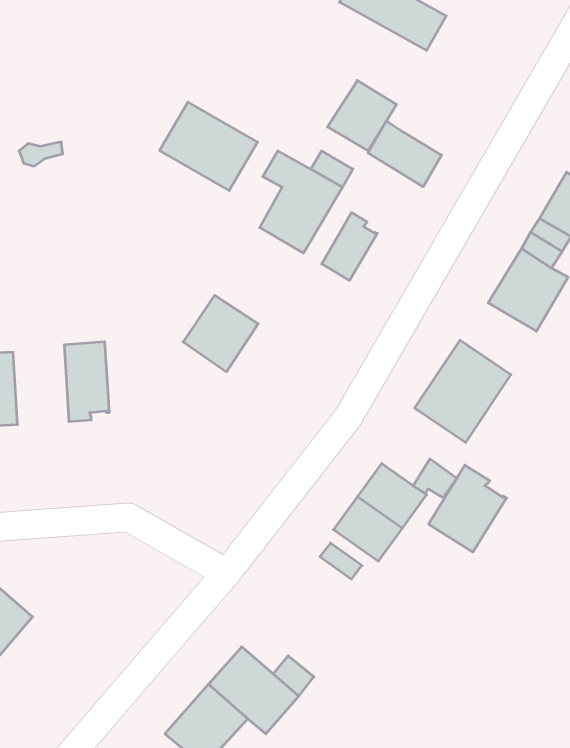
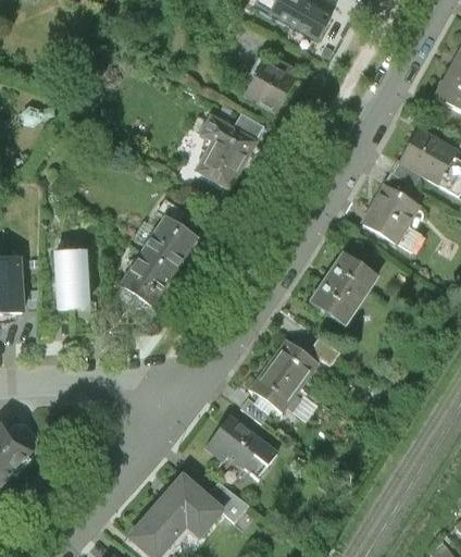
building: [160,102,258,191] -> none
building: [368,121,442,187] -> none
building: [322,213,377,280] -> none
building: none -> [120,251,173,305]
building: [429,465,507,552] -> none
building: none -> [205,414,277,478]

